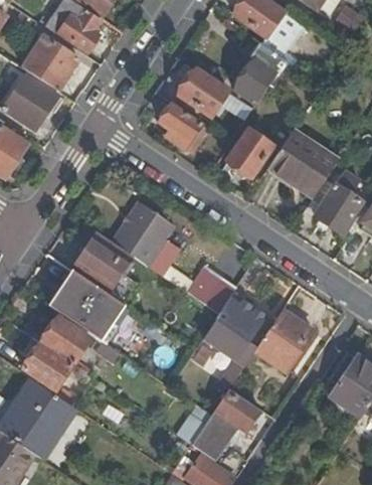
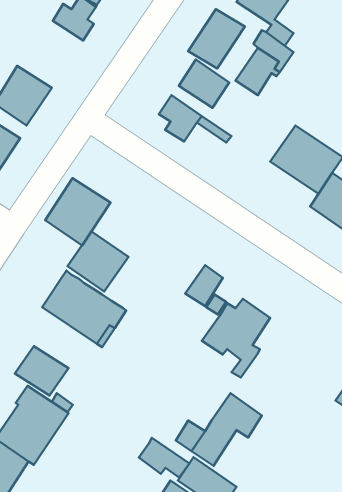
building: none -> [188,9,245,68]
building: [22,38,77,92] -> none
building: [226,128,271,176] -> none
building: [113,202,175,267] -> [45,178,110,245]
building: [255,309,314,370] -> none
building: [41,317,91,364] -> none
building: none -> [139,438,189,478]

